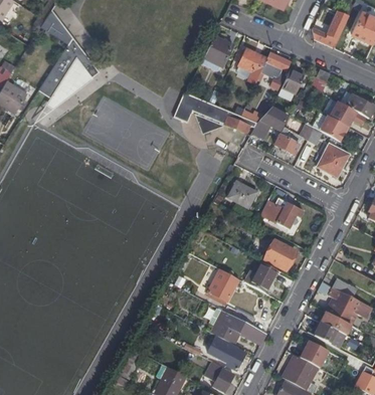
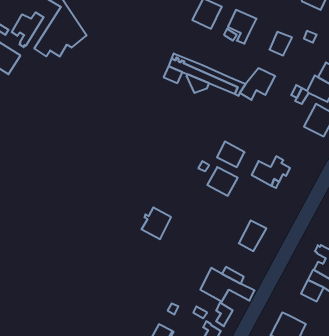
building: none -> [12,12,44,47]
building: [260,52,290,79] -> none
building: [273,128,301,154] -> none
building: [263,241,295,270] -> [207,167,238,196]
building: [207,269,237,302] -> [141,207,171,239]
building: [300,341,328,369] -> none

